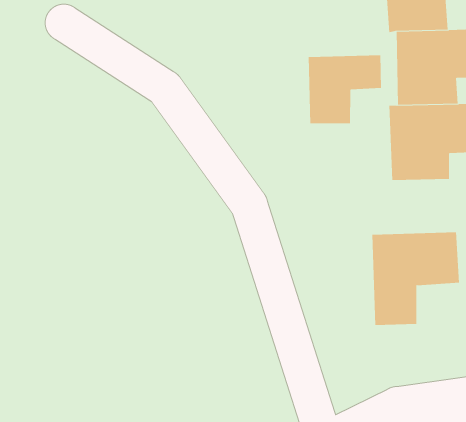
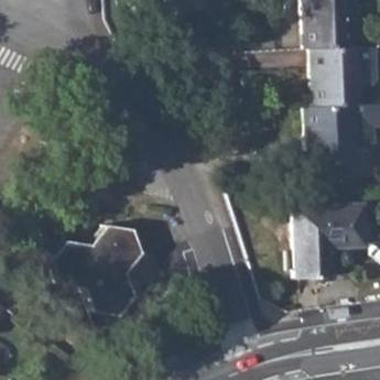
building: [308,55,382,124] -> none
building: none -> [48,226,138,315]

